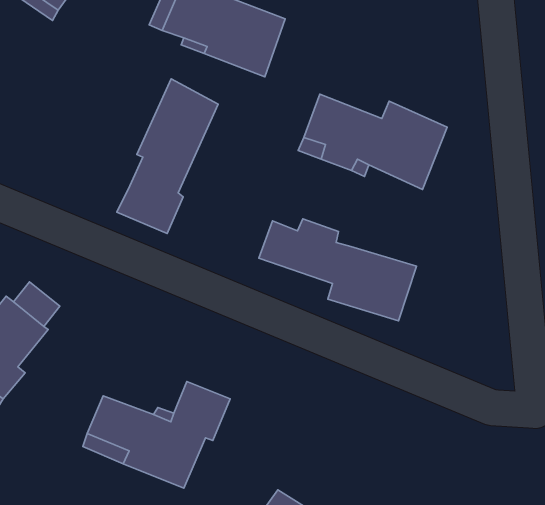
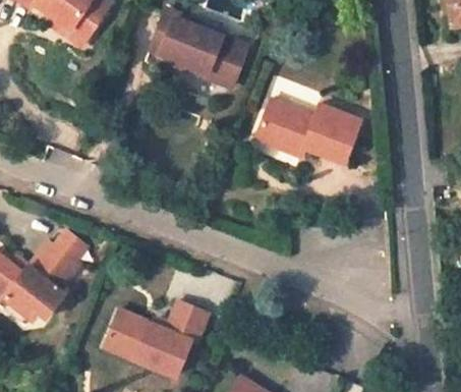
building: [117,79,218,233] -> none
building: [259,219,416,321] -> none

